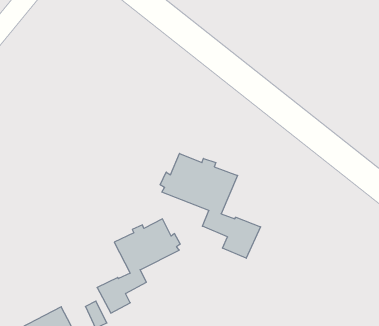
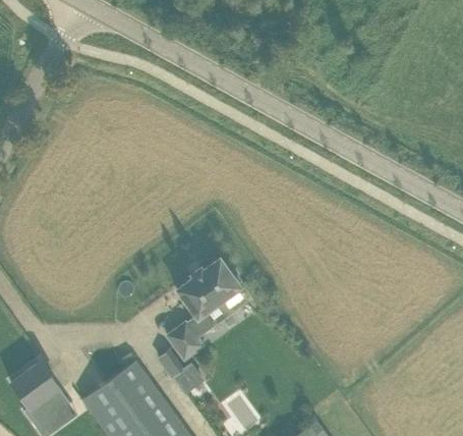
building: [160,153,261,258] -> none

